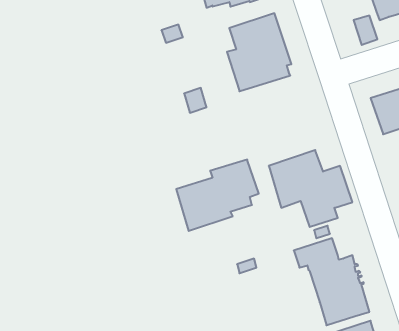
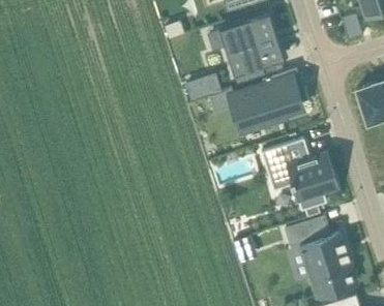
building: [176,160,259,231] -> [231,68,306,133]

